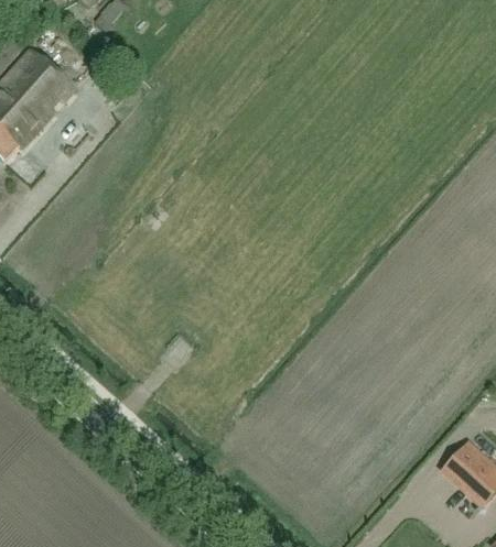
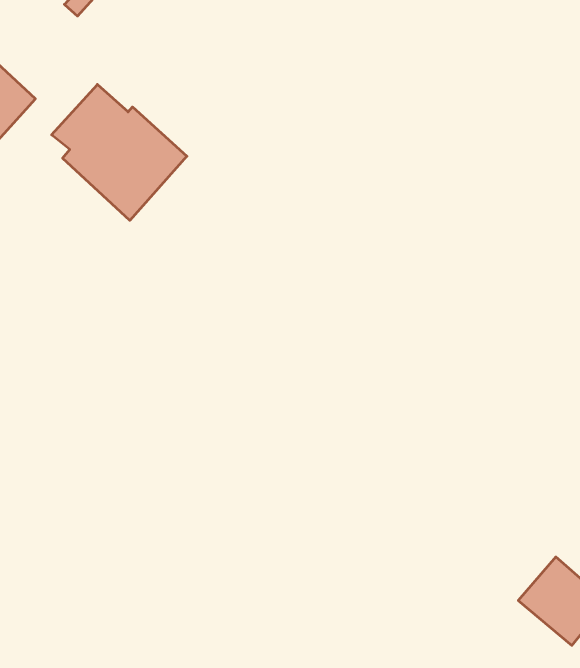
building: none -> [52,84,187,220]

